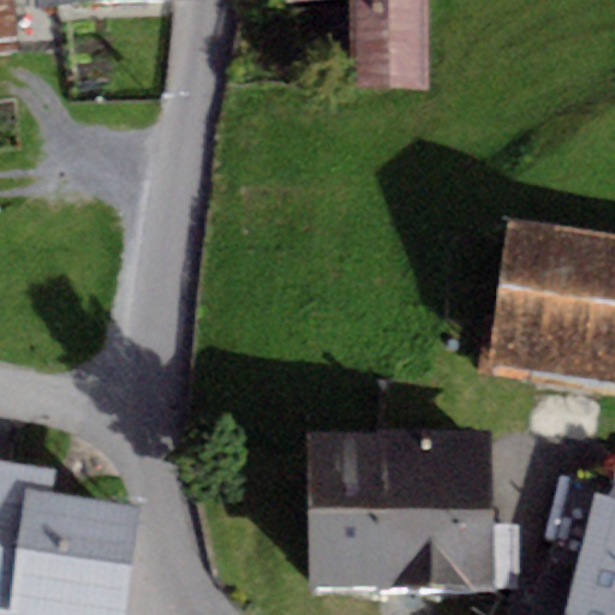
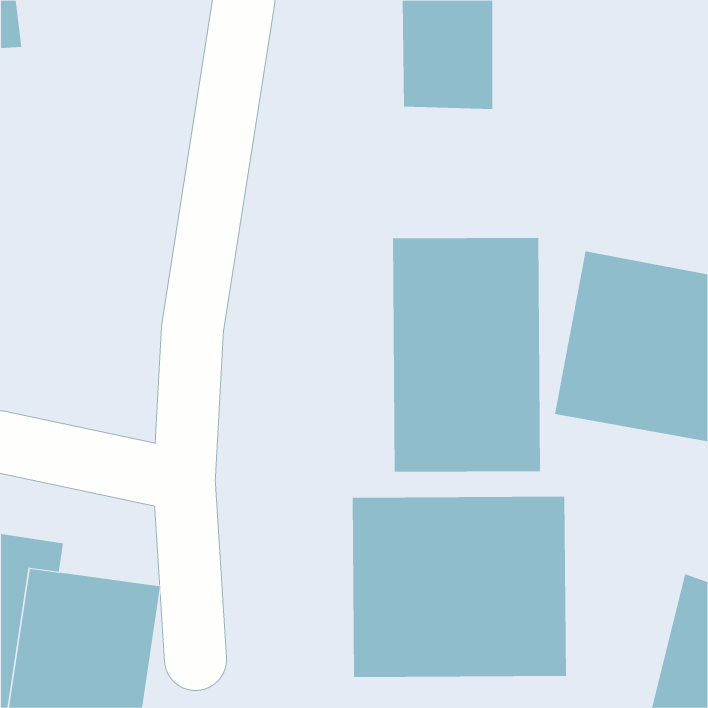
building: none -> [393,237,540,473]

